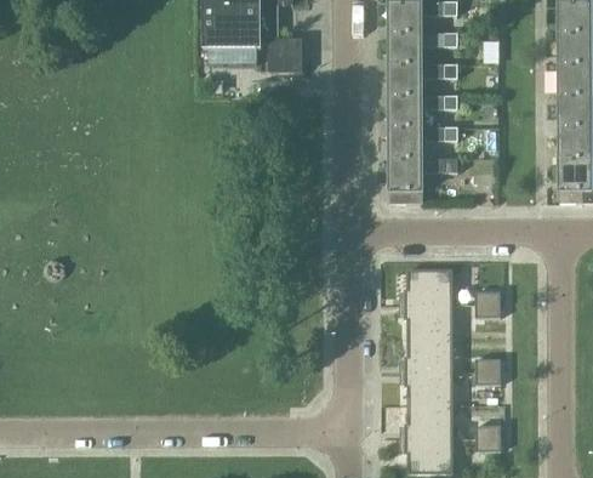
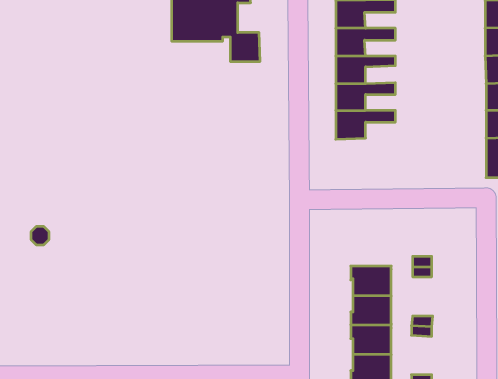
building: [389,159,458,204] -> none
building: [405,271,452,305] -> none

